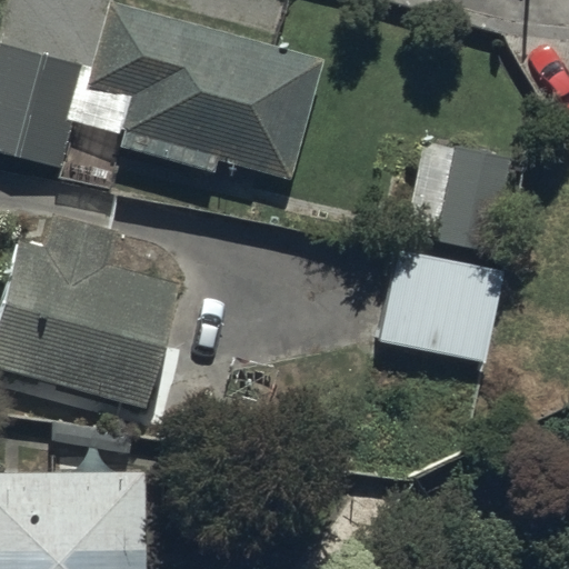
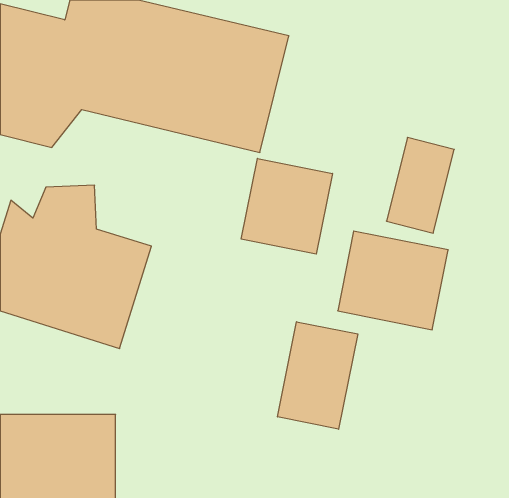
building: none -> [241,158,332,254]
building: none -> [278,322,358,429]

